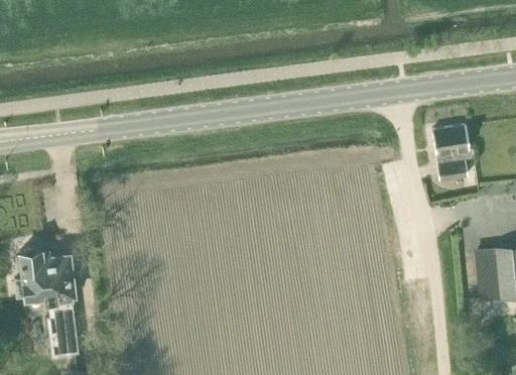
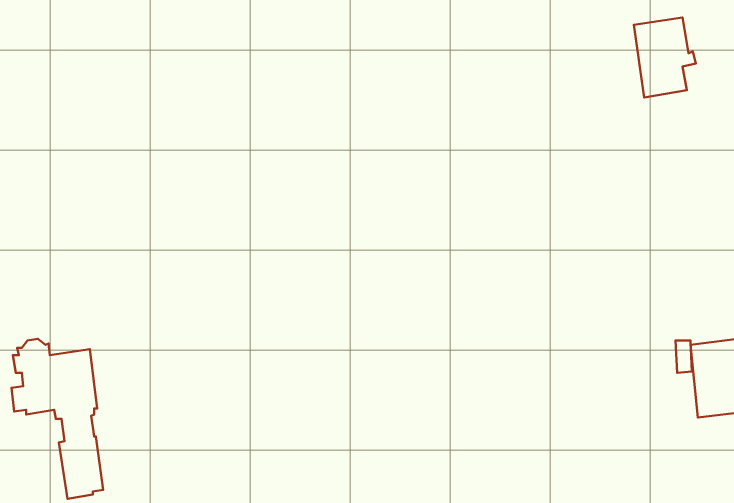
building: [433,128,476,182] -> [634,18,696,97]

